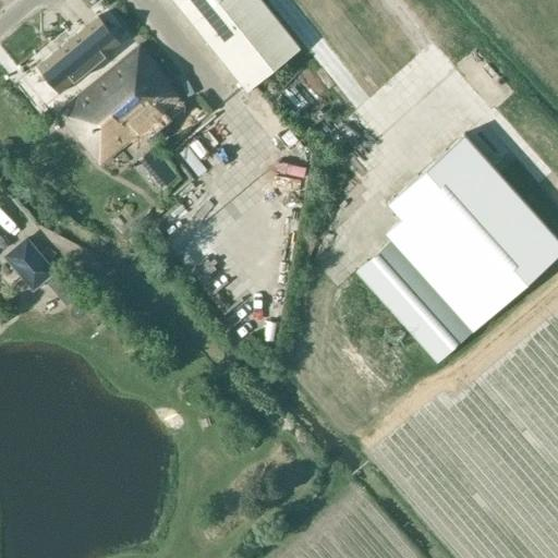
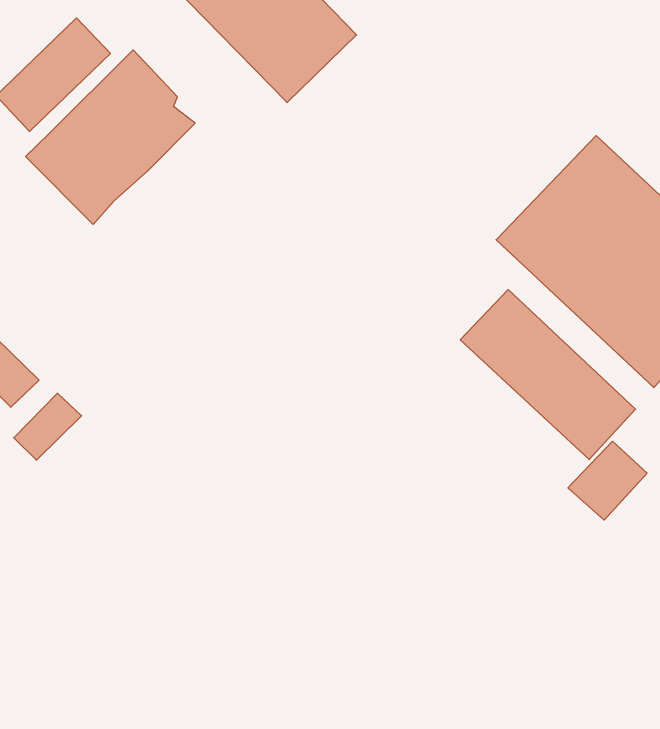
building: none -> [14,393,82,460]
building: none -> [568,441,647,520]

